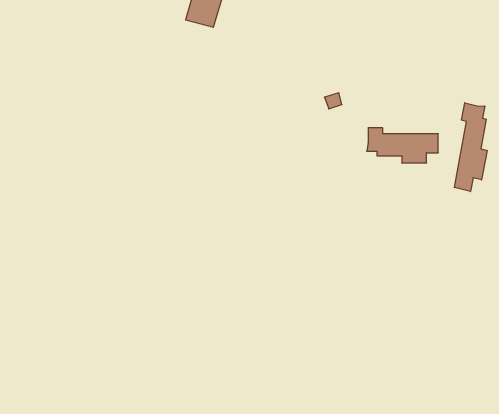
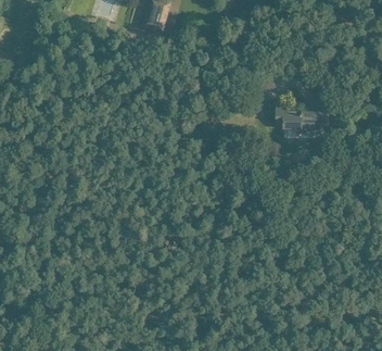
building: [454,103,487,192] -> none

